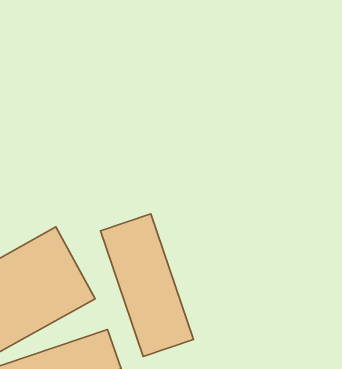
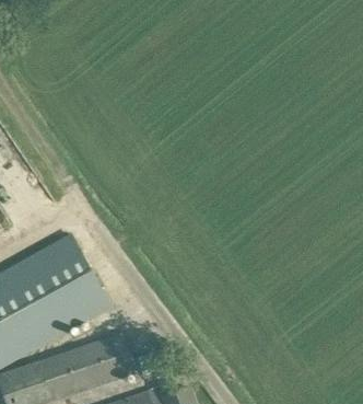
building: [101,214,193,356] -> none

